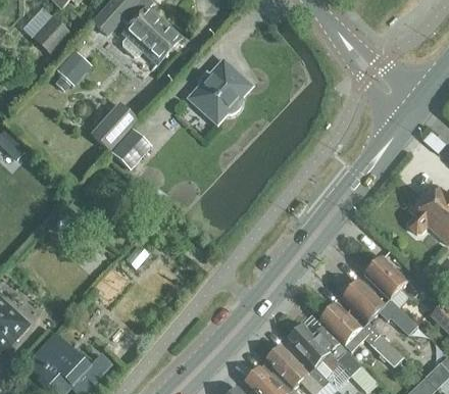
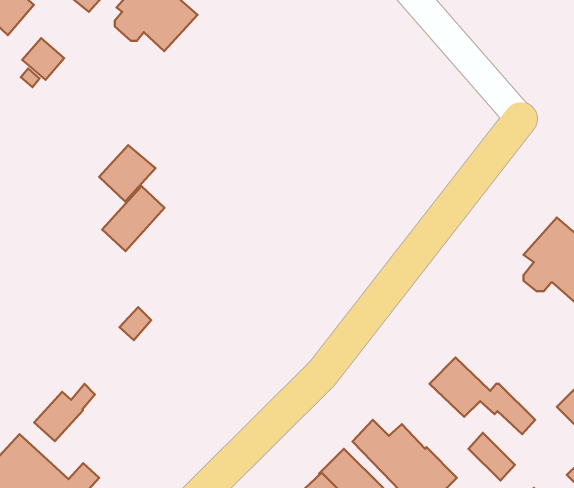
building: [188,60,243,125] -> none
building: [91,104,135,150] -> [102,186,165,251]
building: [366,257,417,298] -> none
building: none -> [34,384,95,441]
building: [319,302,370,345] -> none

